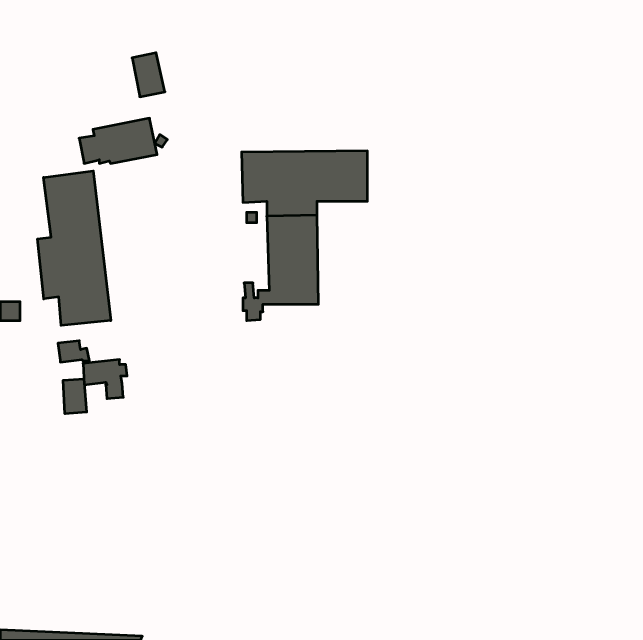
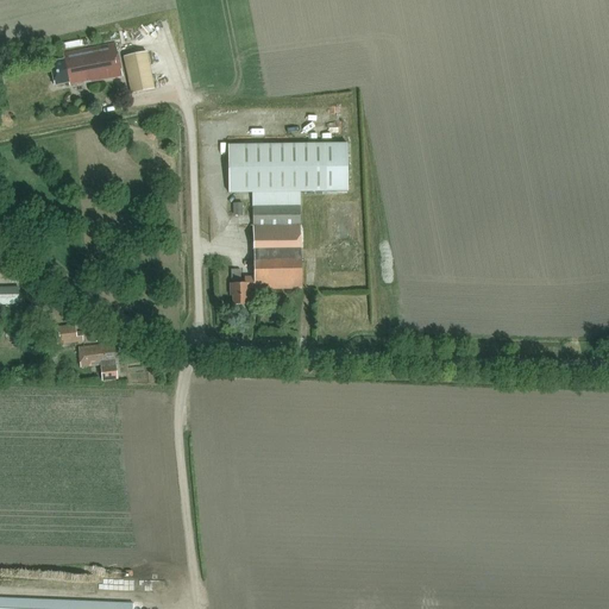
building: [79,118,157,163] -> [49,40,123,83]
building: [38,171,111,325] -> none
building: [63,379,87,414] -> none

